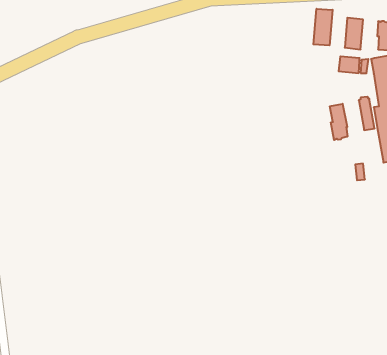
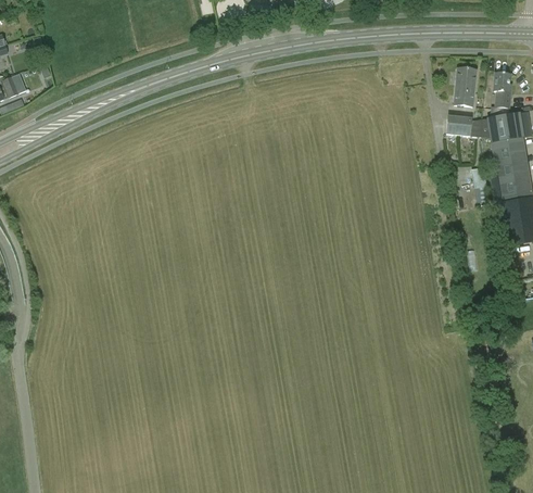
building: [313,9,333,45] -> none
building: [330,104,347,140] -> none

